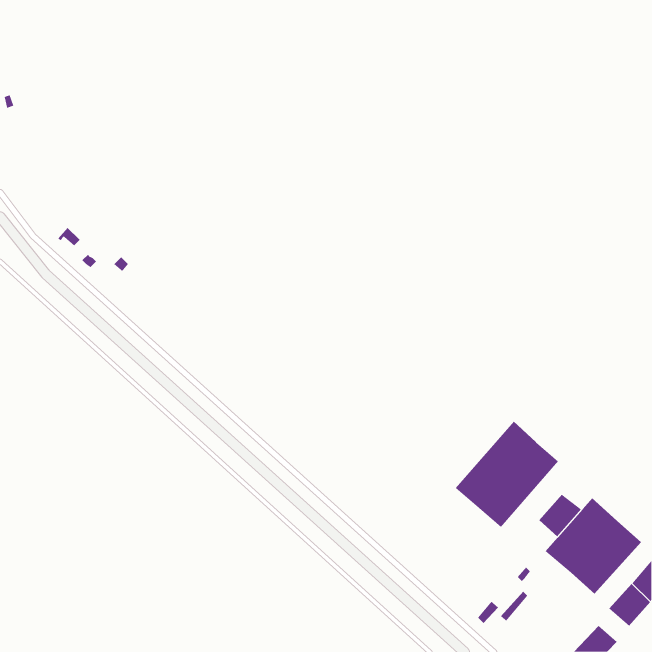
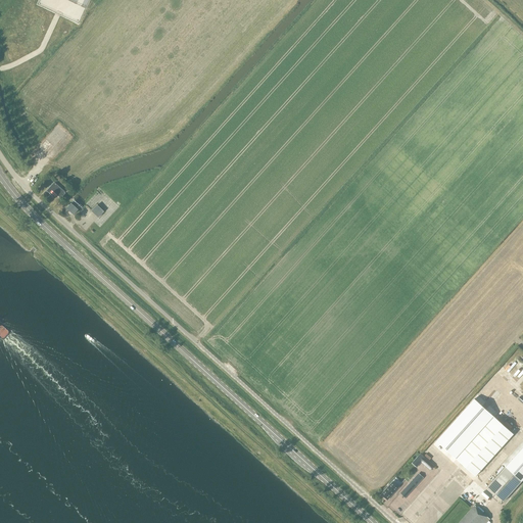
building: [455,421,559,528] -> none
building: [538,494,582,537] -> none

